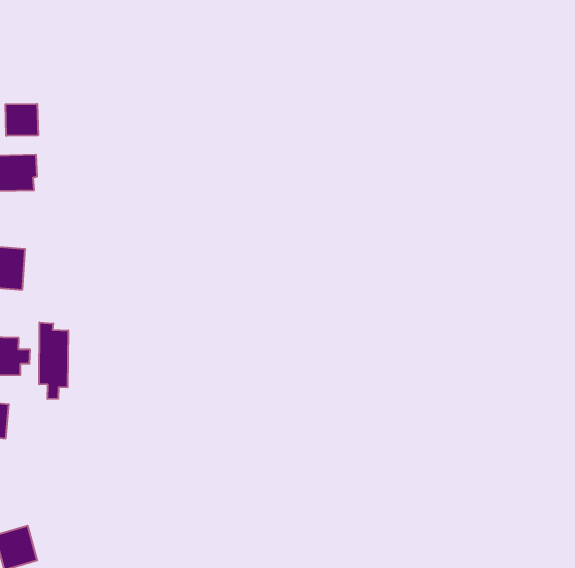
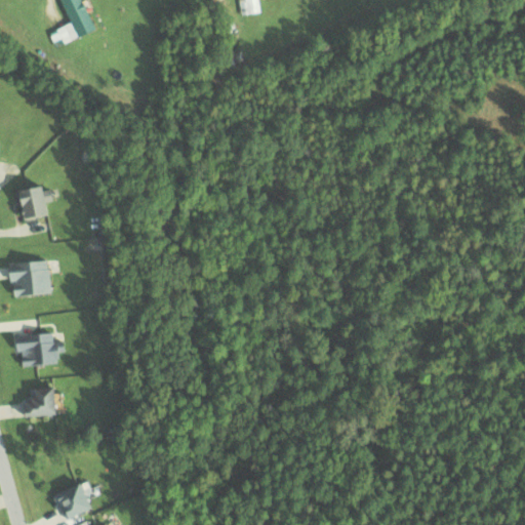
building: [5,104,38,136] -> none
building: [39,322,68,399] -> none

